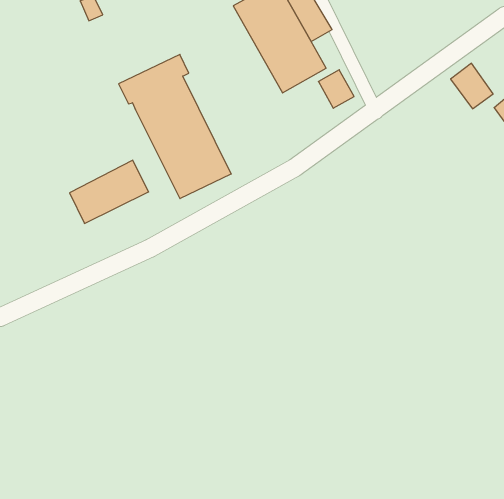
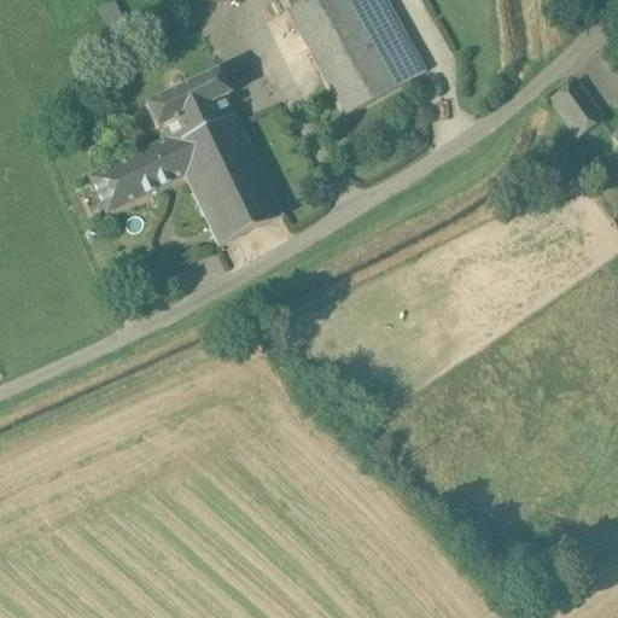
building: [318,70,354,108] -> [381,36,425,83]
building: [70,160,149,223] -> [89,134,186,211]

